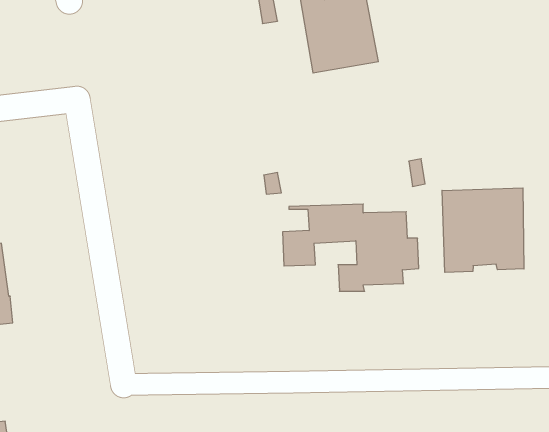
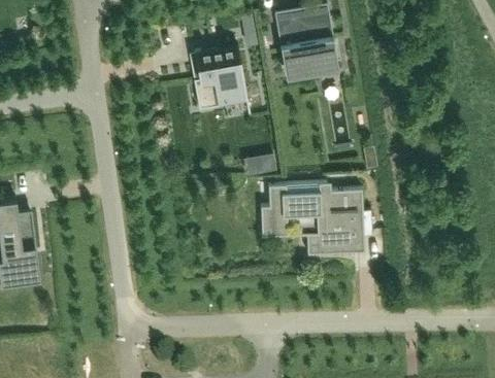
building: none -> [193,45,250,114]
building: [442,188,524,272] -> none

